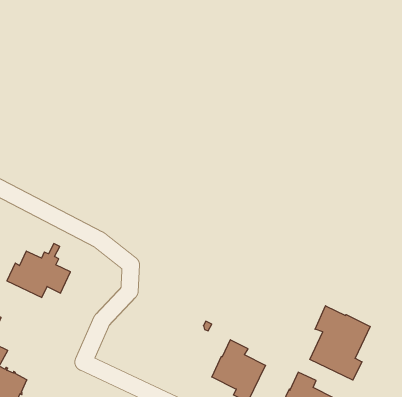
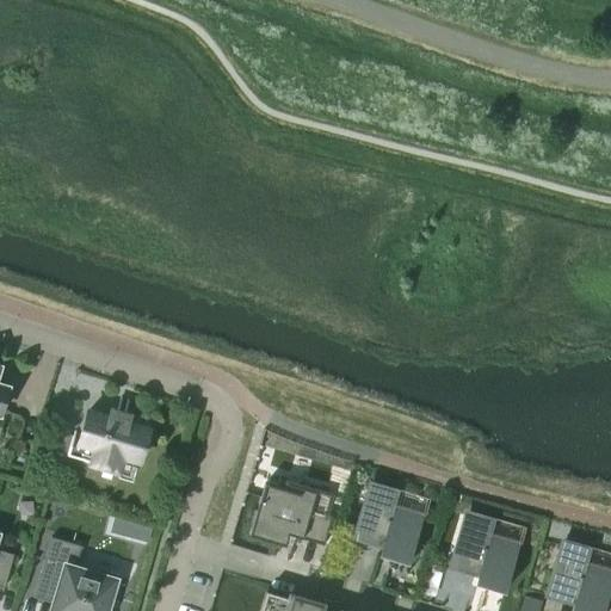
building: [310,306,370,380] -> none
building: none -> [251,482,334,544]

